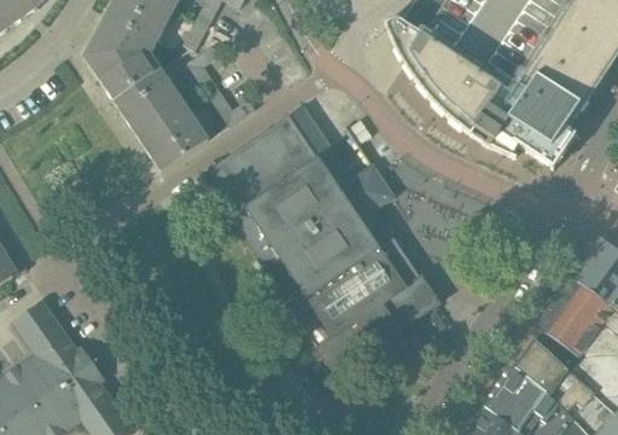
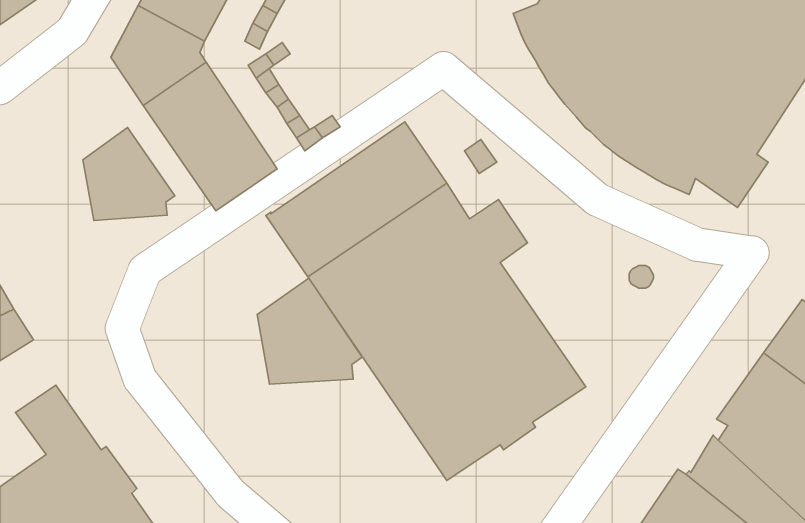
building: none -> [83,127,175,221]
building: none -> [257,278,362,384]

